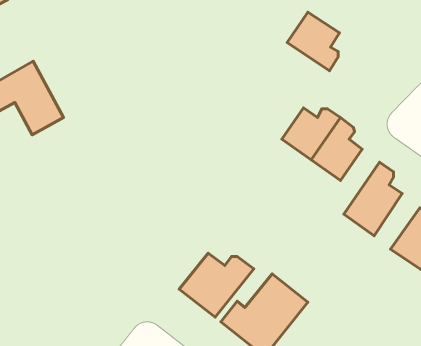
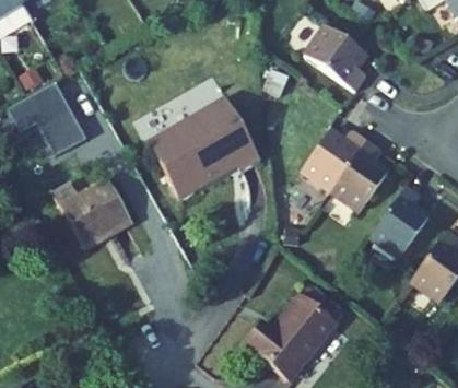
building: none -> [146,97,259,199]
building: none -> [52,179,129,244]
building: [179,253,254,317] -> none

